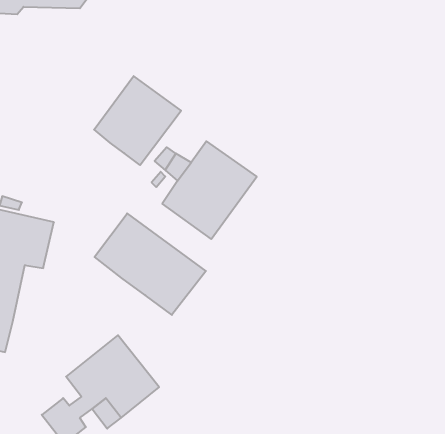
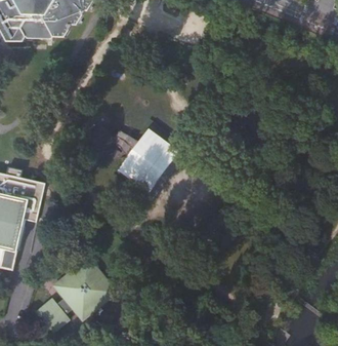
building: [94,76,181,165] -> none
building: [95,213,206,315] -> none

